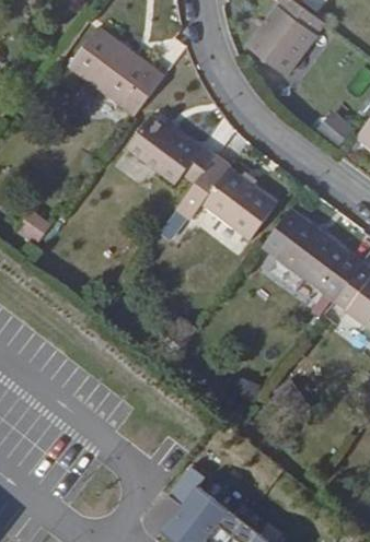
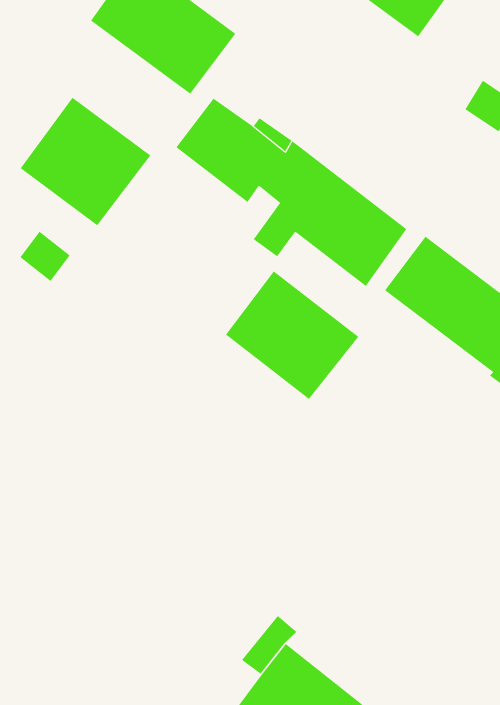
building: none -> [20,97,151,226]
building: none -> [225,270,359,400]

